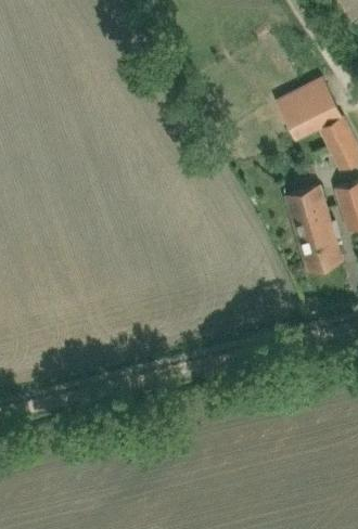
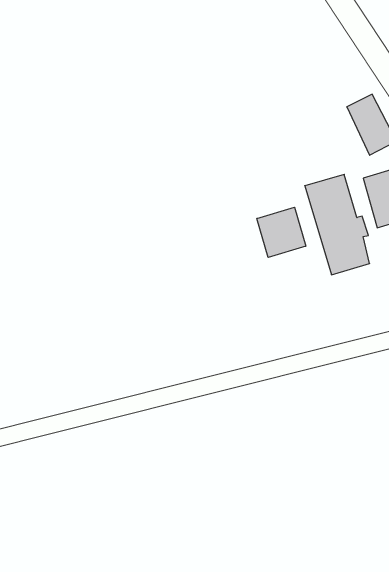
building: [274,78,340,139] -> none
building: none -> [257,207,306,257]

